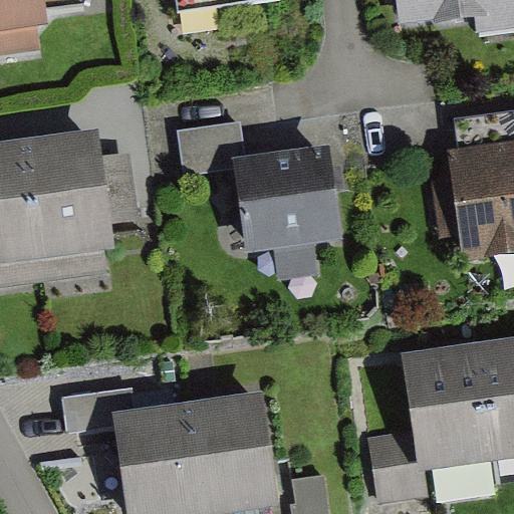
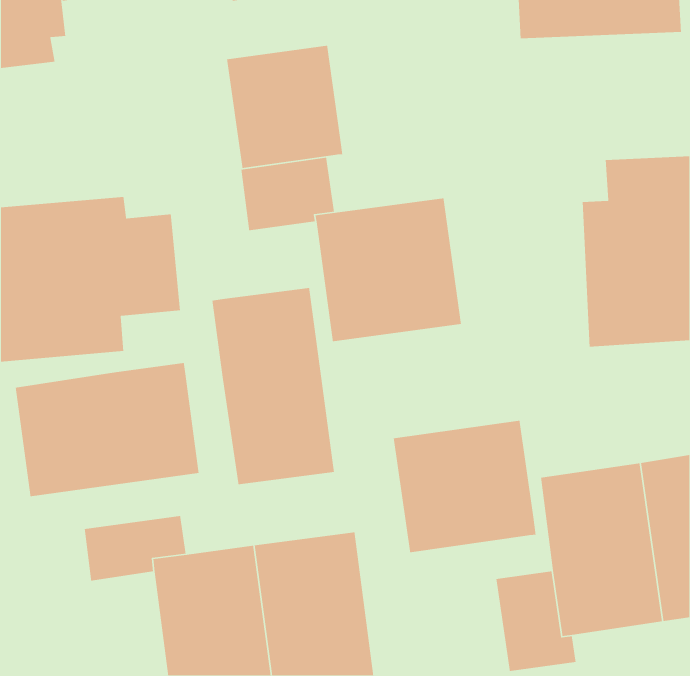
building: none -> [226,45,343,169]
building: none -> [211,287,335,485]
building: none -> [15,362,200,497]
building: none -> [393,420,537,553]

